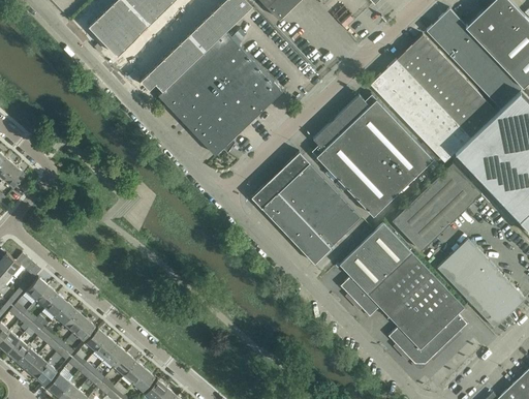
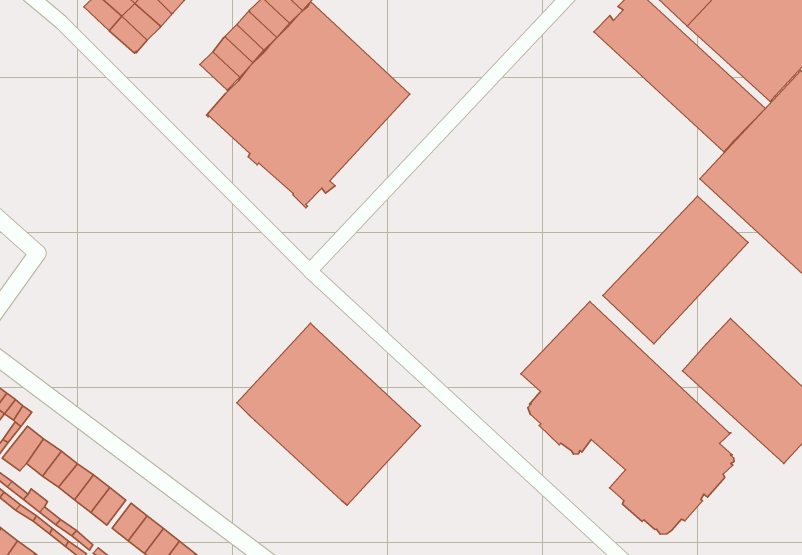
building: [370,60,470,162] -> none
building: [139,65,172,91] -> none
building: [313,95,433,216] -> none
building: [251,152,362,264] -> [237,323,421,505]

